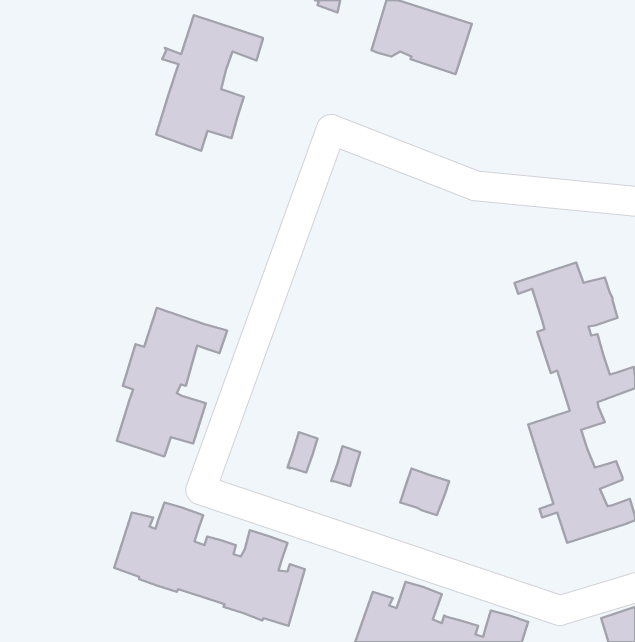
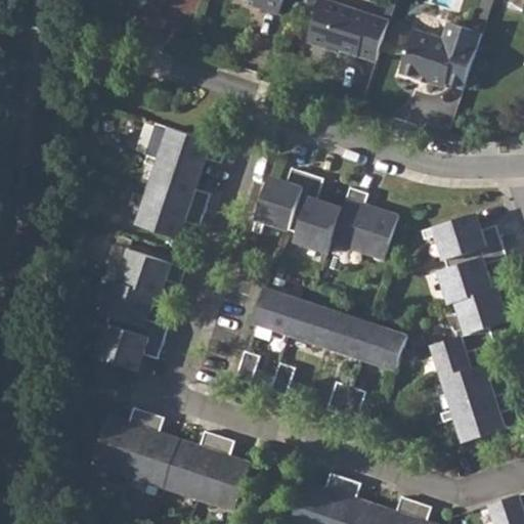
building: [156,15,263,151] -> [137,128,224,238]
building: none -> [395,26,477,86]
building: none -> [250,169,396,260]
building: none -> [253,289,406,368]

